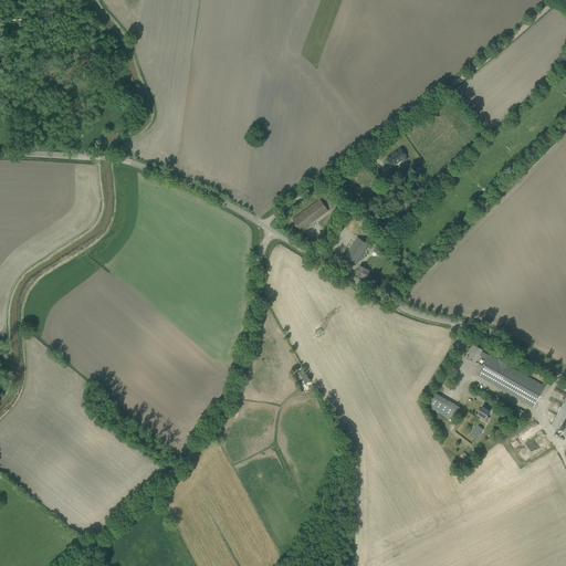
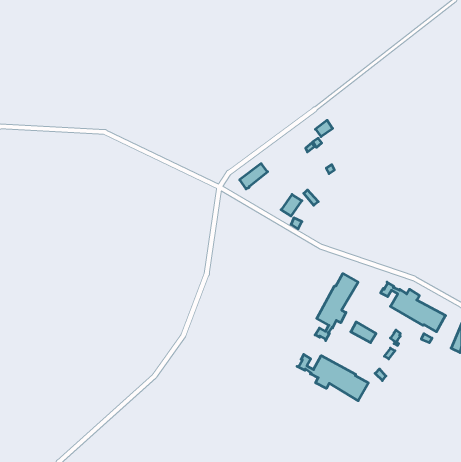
building: none -> [315,274,358,341]
building: none -> [297,354,368,401]

